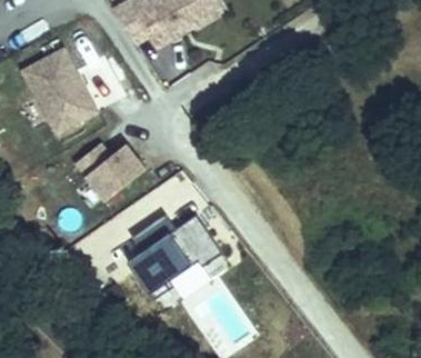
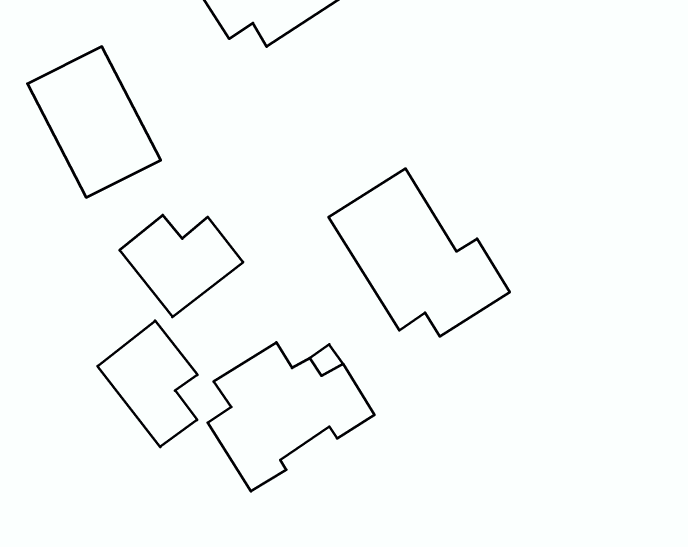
building: none -> [329,169,510,336]
building: none -> [98,321,197,447]

